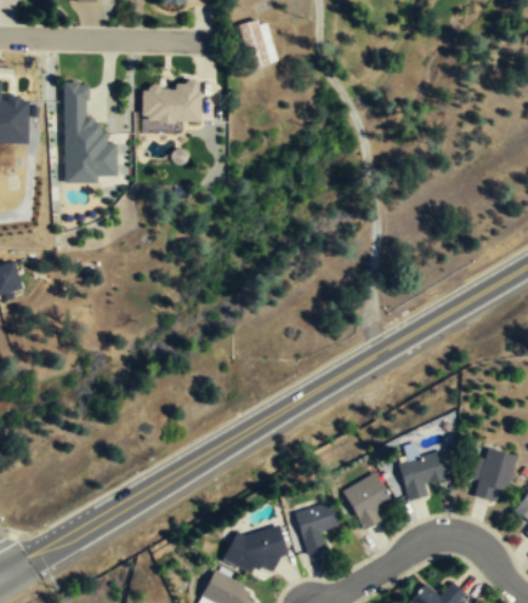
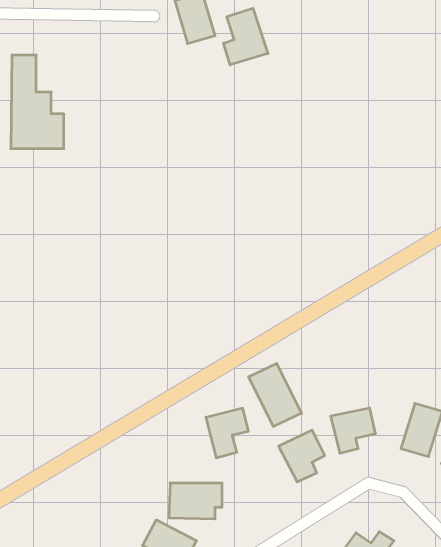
building: none -> [224,8,268,65]
building: [142,86,203,123] -> none
building: none -> [249,363,302,427]
building: [295,505,340,557] -> [206,408,248,458]

